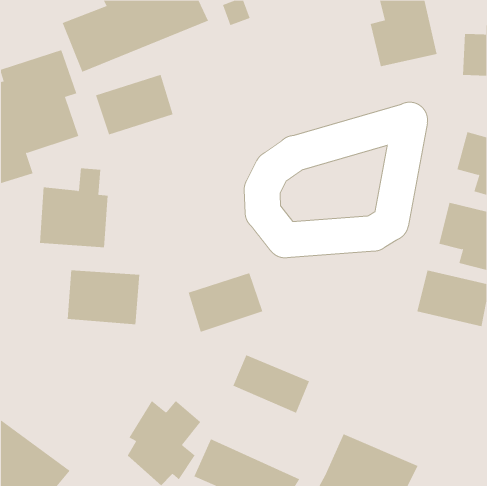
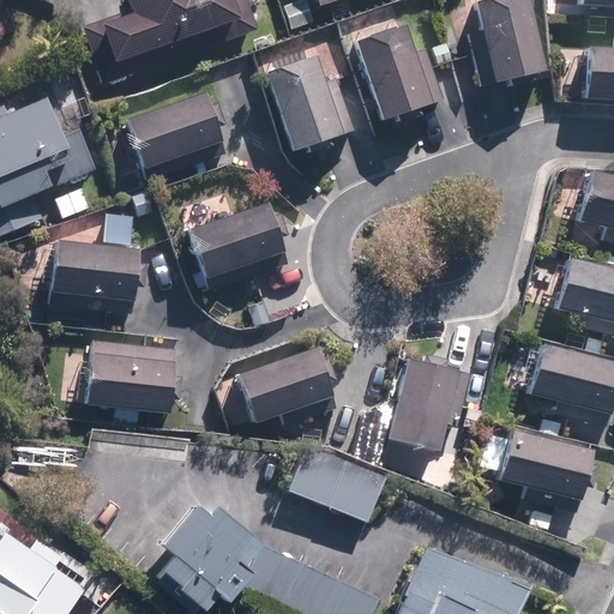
building: none -> [355,28,439,121]
building: none -> [265,55,372,152]
building: none -> [188,200,283,275]
building: none -> [359,361,469,465]
building: none -> [498,421,595,516]

